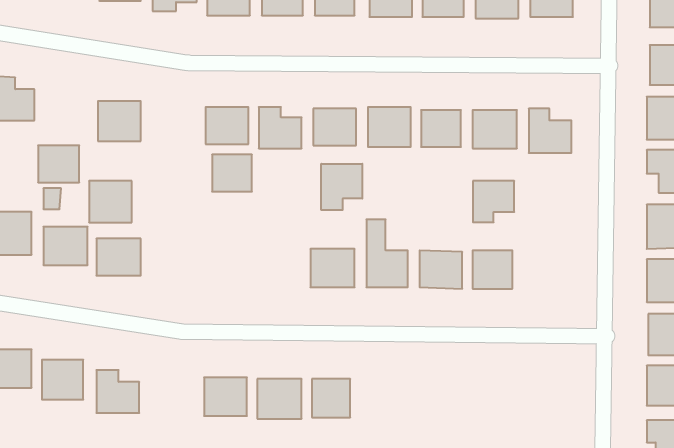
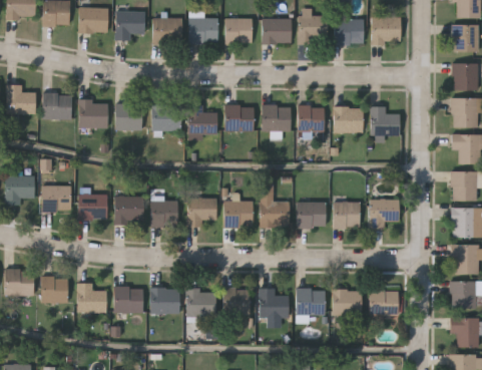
building: [38,145,79,182] -> [43,93,71,118]
building: [212,155,252,192] -> [115,104,142,129]
building: [321,164,362,210] -> none
building: [473,181,514,222] -> [371,200,399,228]
building: [89,181,132,222] -> [114,196,143,224]
building: none -> [187,198,216,227]
building: none -> [151,202,178,227]
building: none -> [113,287,142,312]
building: none -> [260,289,289,317]
building: none -> [296,289,325,314]
building: none -> [332,289,362,315]
building: none -> [369,290,399,317]

